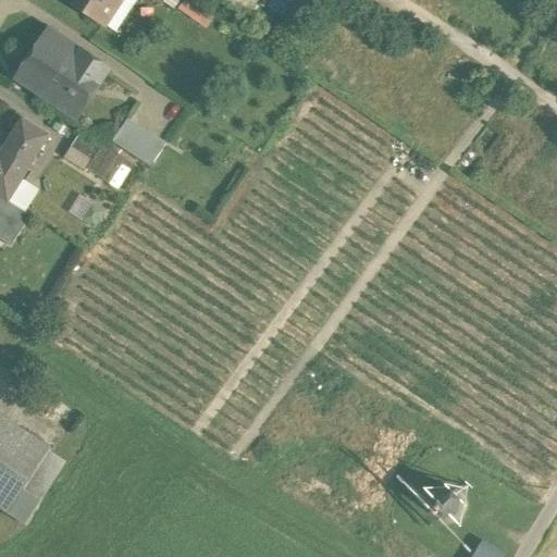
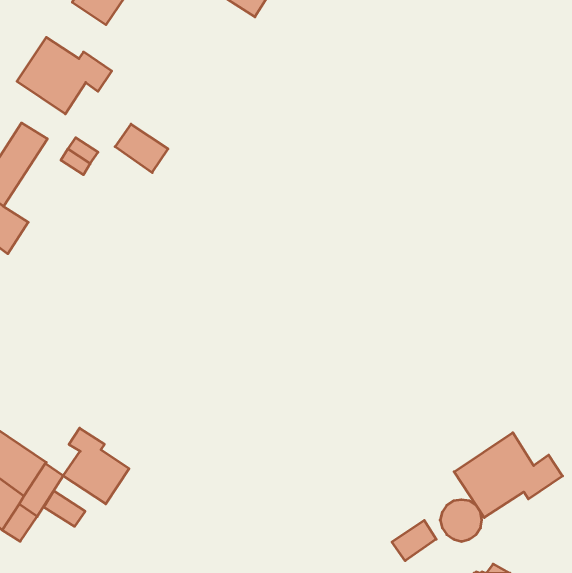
building: none -> [63,428,129,504]
building: none -> [454,433,563,518]
building: none -> [44,491,85,526]
building: none -> [392,520,436,561]

